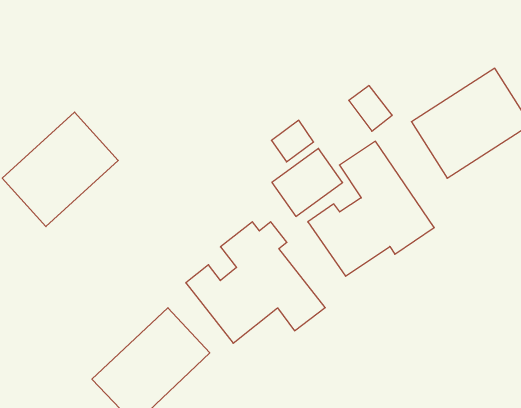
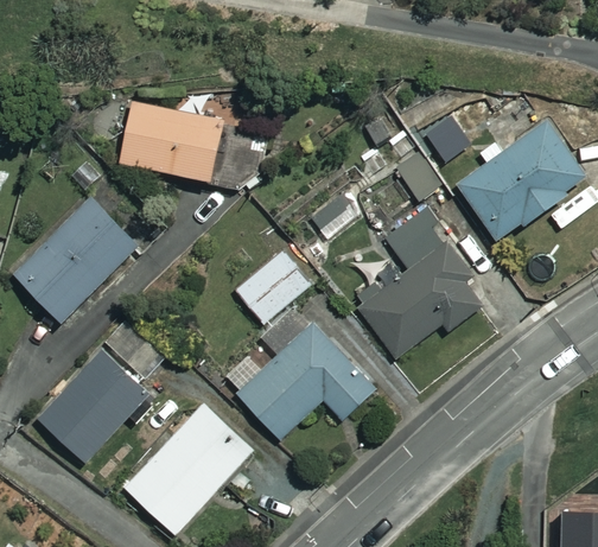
building: none -> [117,101,249,189]
building: [272,148,343,216] -> [233,247,310,323]
building: none -> [37,348,151,463]

